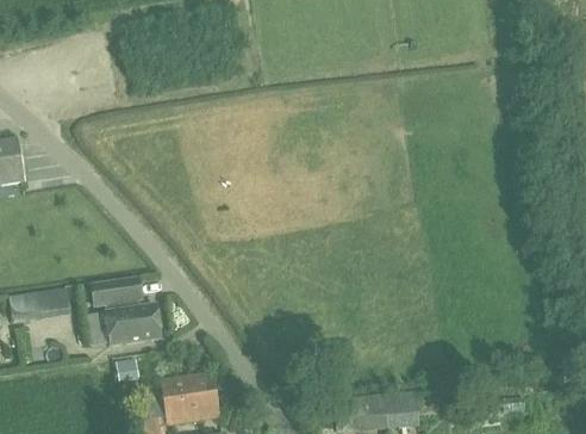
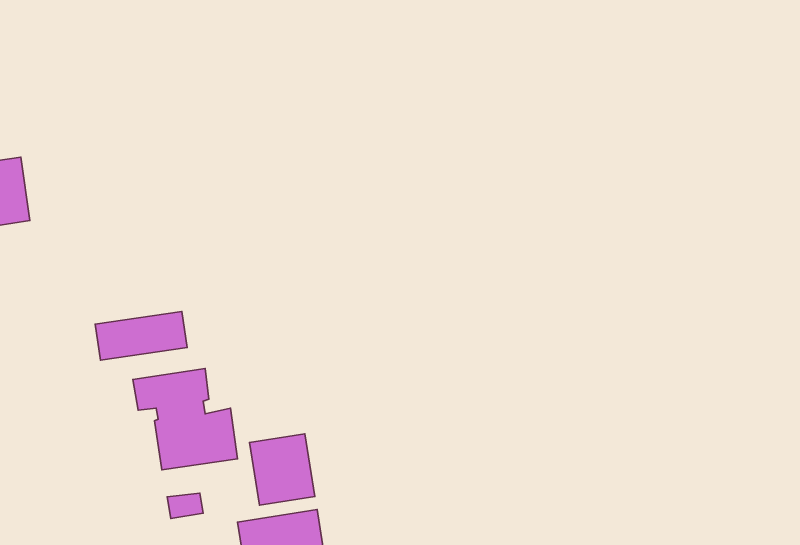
building: [8,289,69,321] -> [95,311,187,360]
building: none -> [249,434,315,505]

